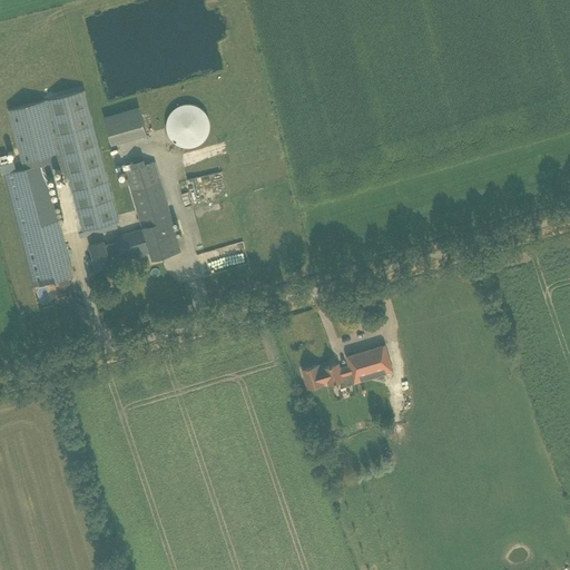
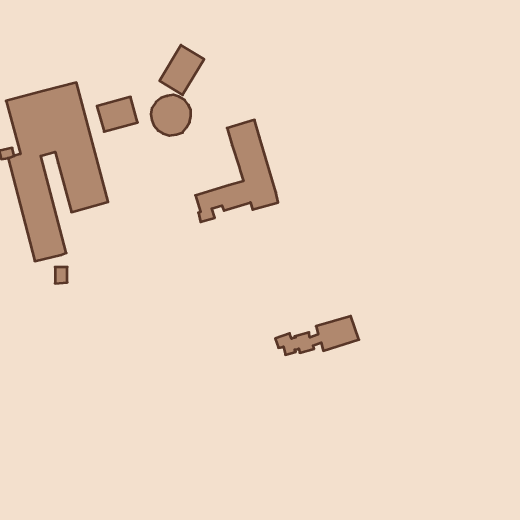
building: none -> [160,45,204,95]
building: [89,163,179,274] -> [195,120,278,222]

